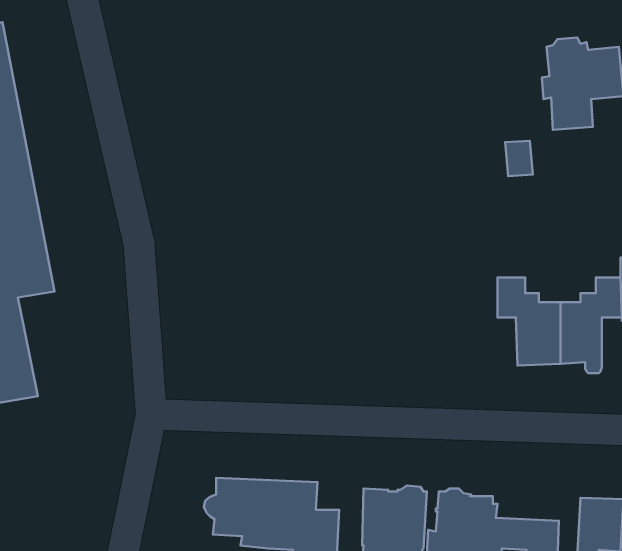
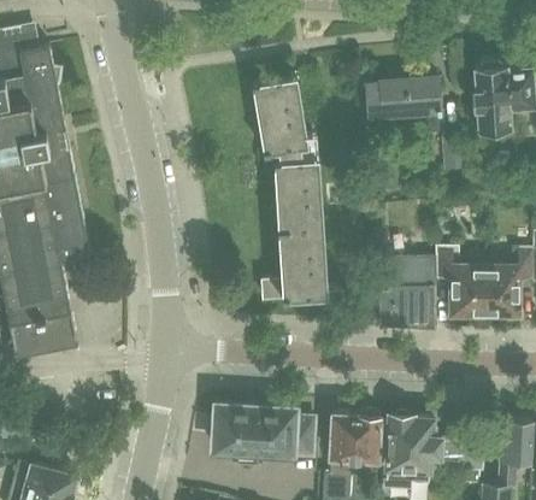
building: none -> [363,76,442,134]
building: none -> [254,80,319,300]
building: none -> [378,257,436,328]

